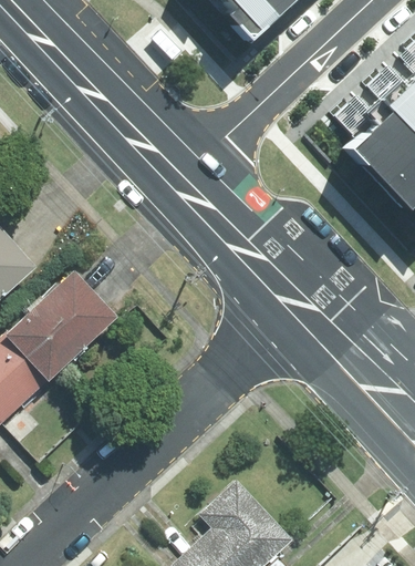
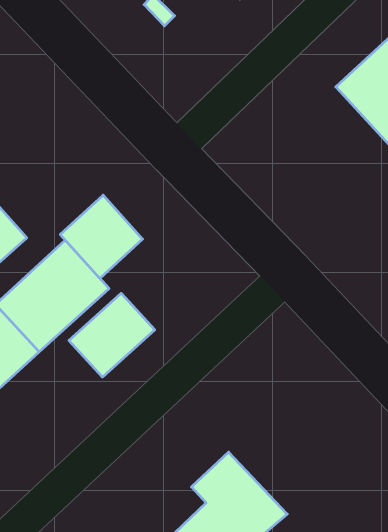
building: none -> [60,195,143,278]
building: none -> [69,293,155,377]

